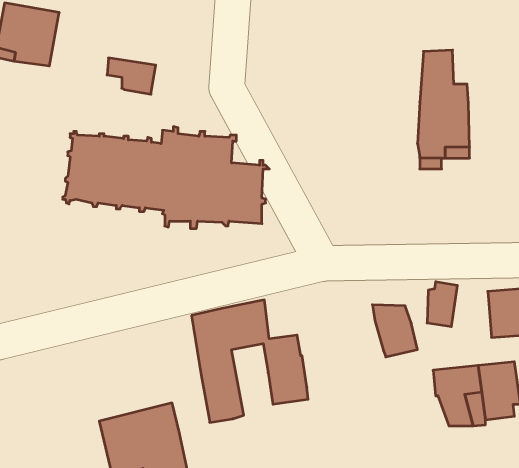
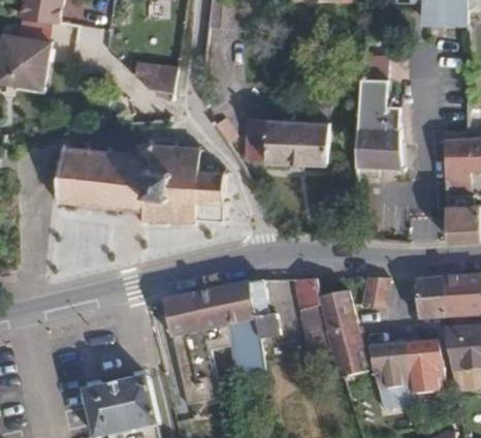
building: [107,58,156,94] -> [135,59,177,90]
building: none -> [244,120,327,163]
building: none -> [291,274,326,335]
building: none -> [225,280,277,335]
building: none -> [328,330,364,376]

